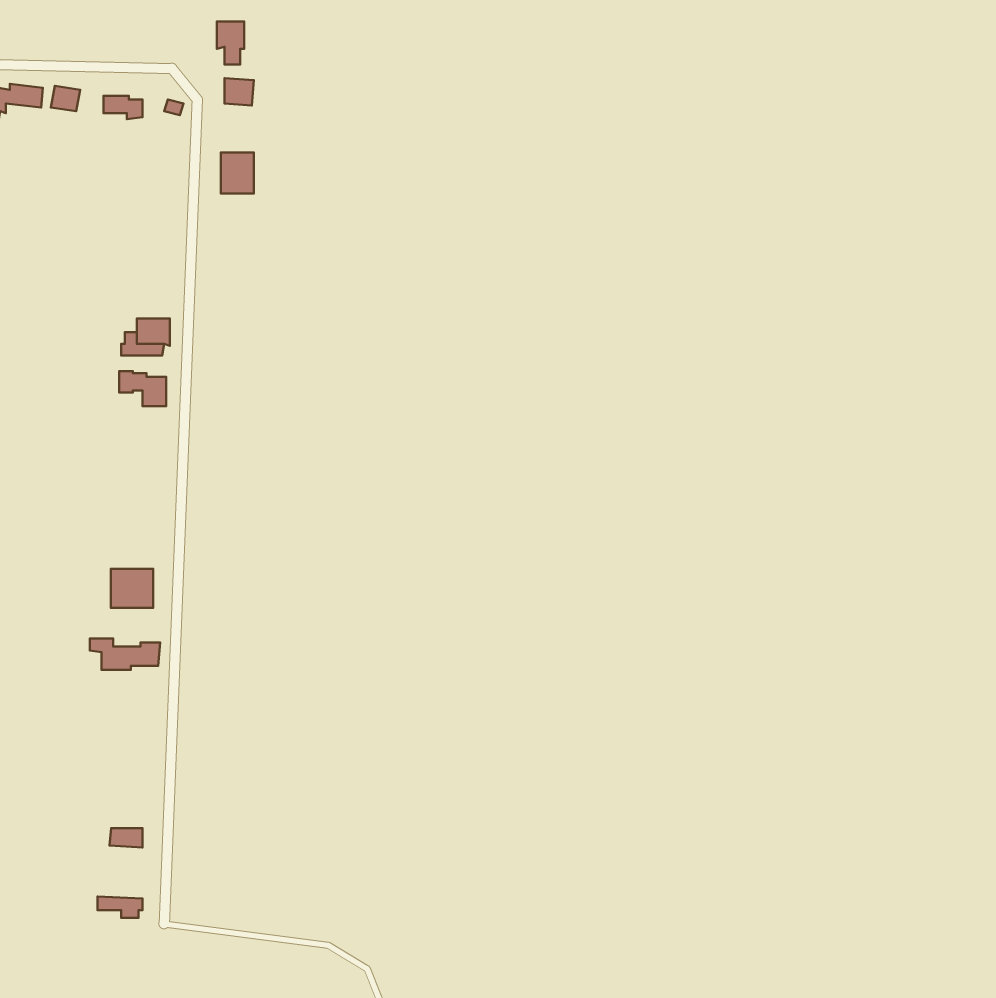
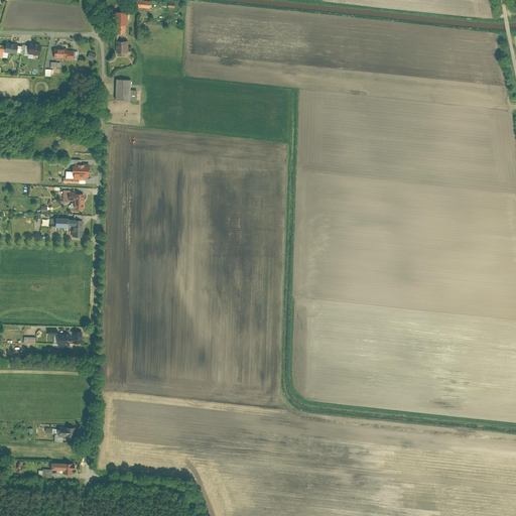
building: none -> [54,218,84,238]
building: [111,569,153,608] -> none

